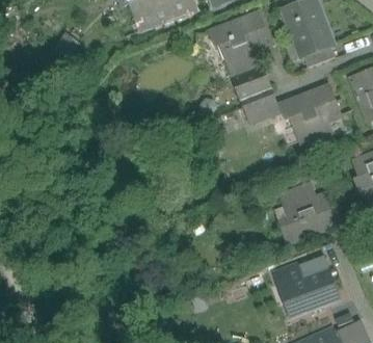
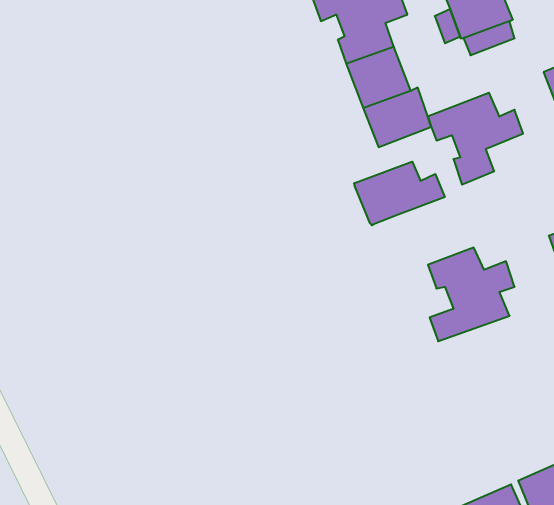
building: none -> [354,162,445,225]
building: [278,264,332,316] -> none

